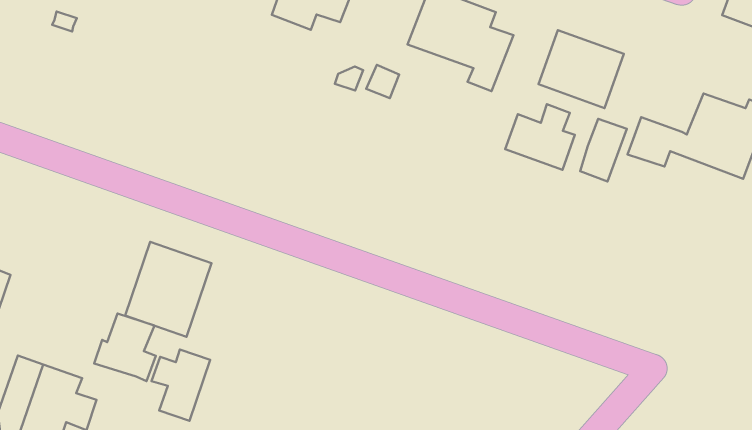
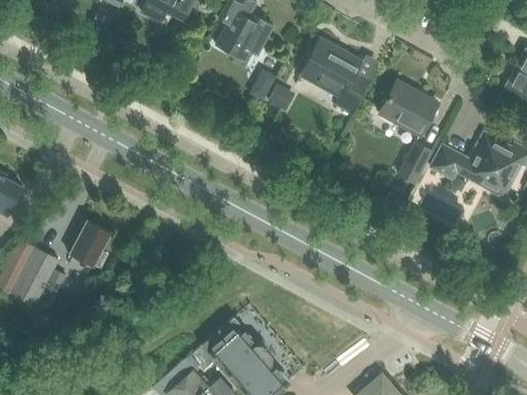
building: [505,104,575,170] -> none
building: [125,242,211,337] -> none
building: [151,350,210,421] -> none

